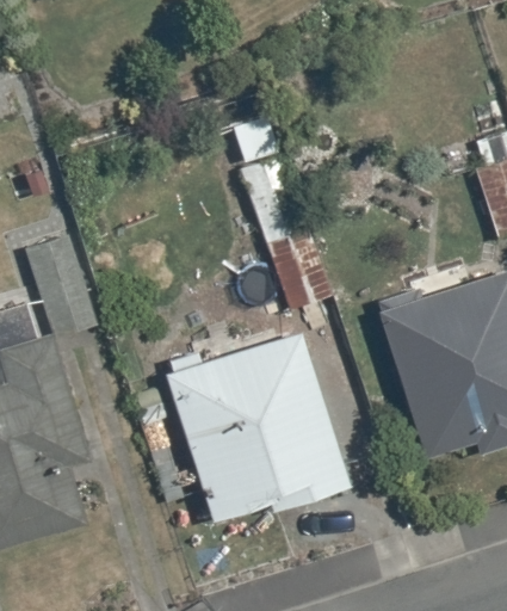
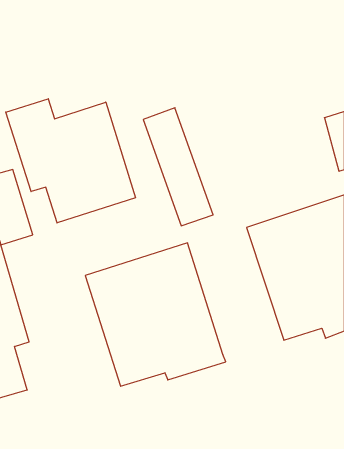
building: none -> [6,99,135,223]

